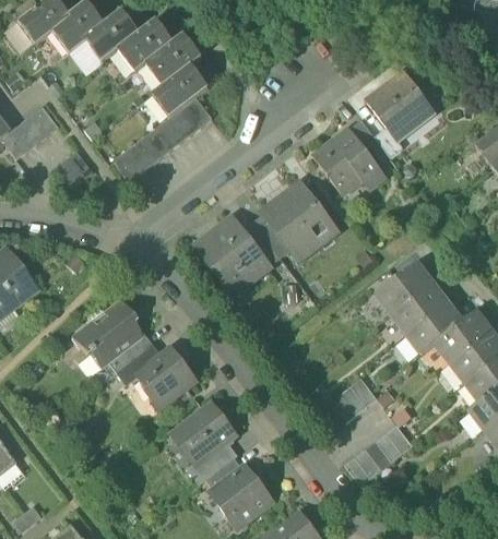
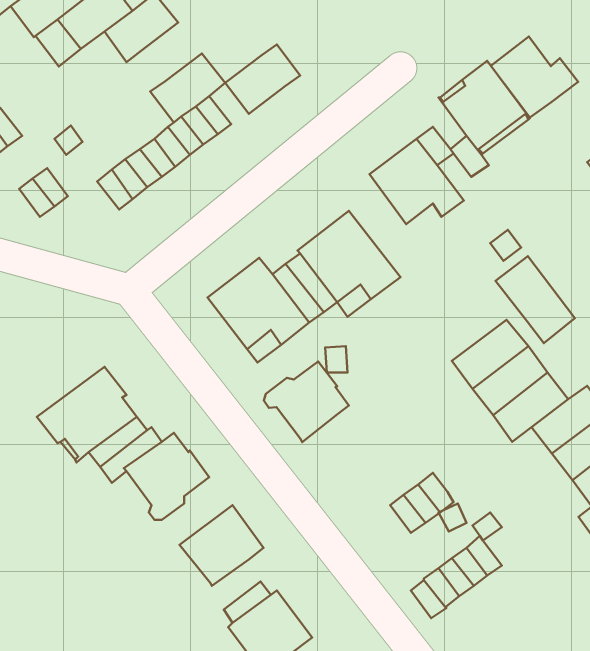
building: [145,34,201,85] -> [225,45,300,114]
building: none -> [491,36,578,117]
building: none -> [495,256,575,343]
building: none -> [264,362,349,442]
building: [187,440,236,482] -> none

